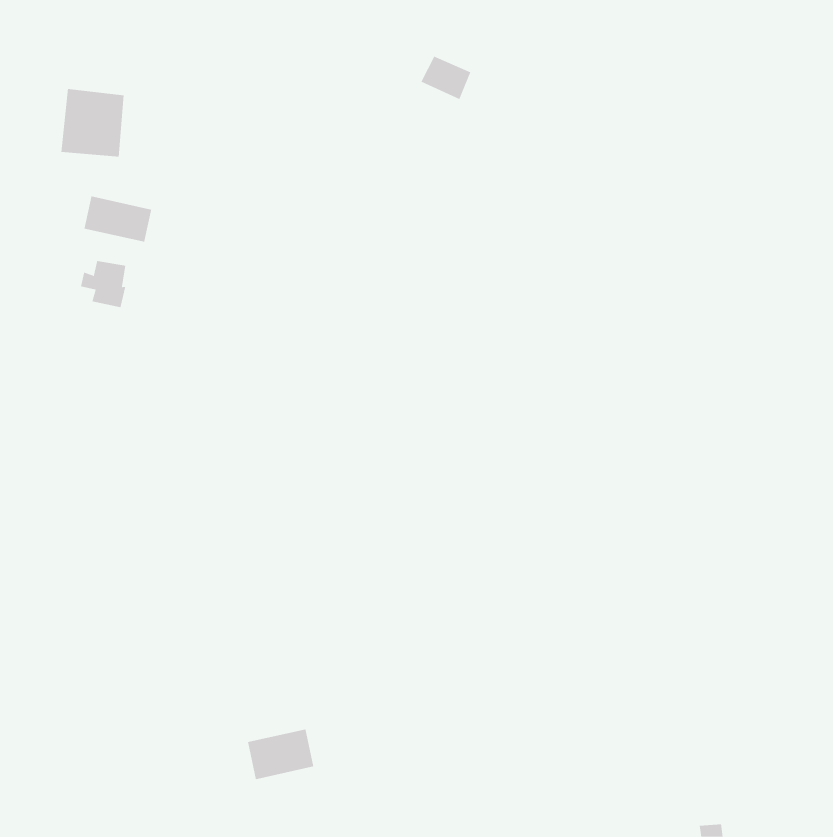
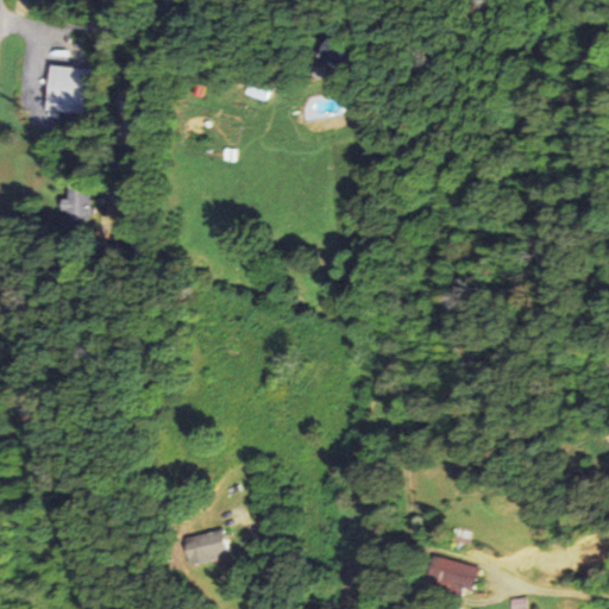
building: [84,196,152,243] -> none
building: none -> [423,555,477,596]

